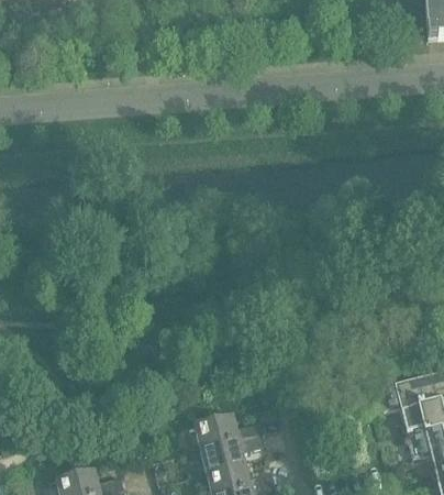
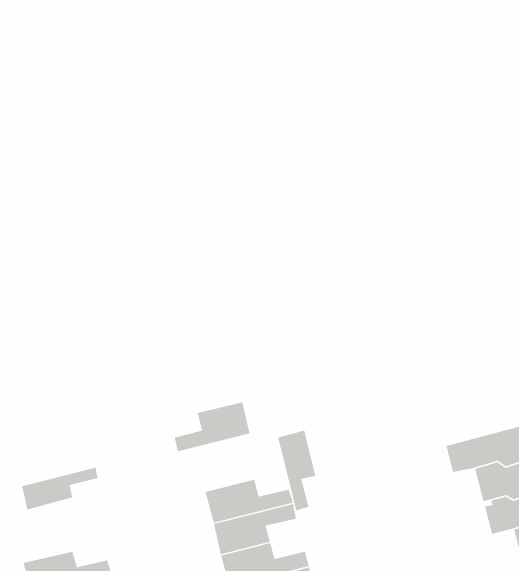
building: none -> [174,401,250,452]
building: none -> [277,430,316,512]
building: none -> [21,467,98,510]

